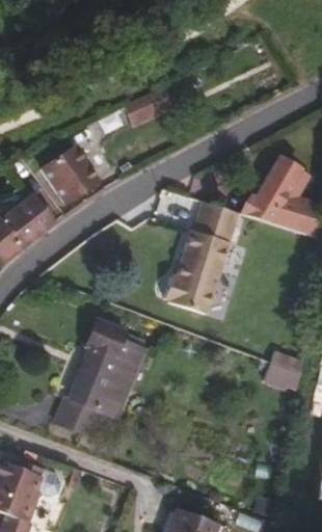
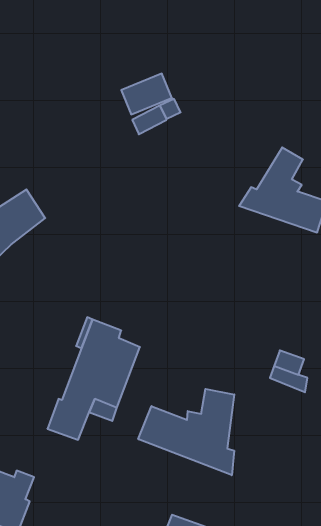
building: [46,152,99,205] -> none
building: [161,201,236,315] -> none
building: none -> [138,389,234,475]

